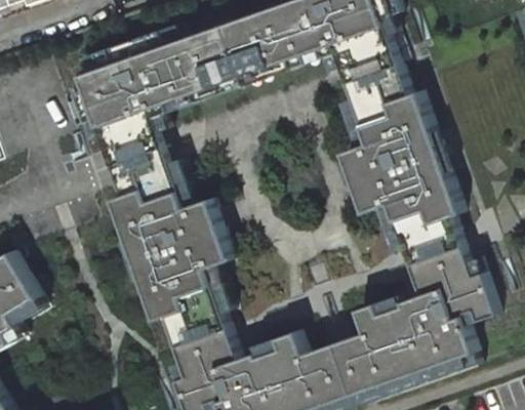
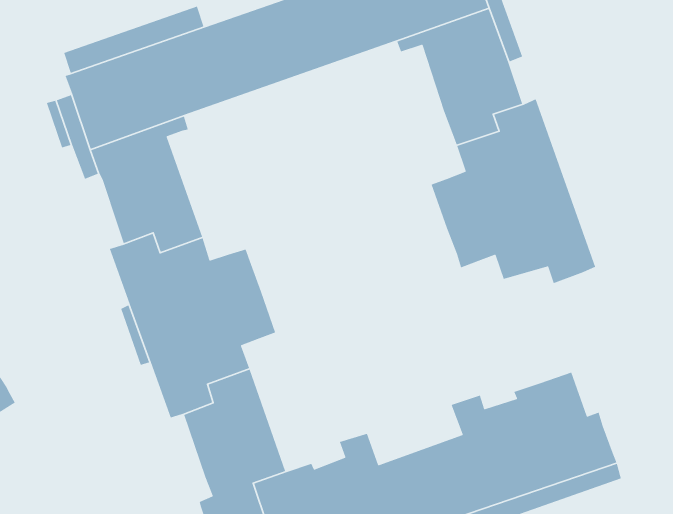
building: [397,210,499,324] -> none

